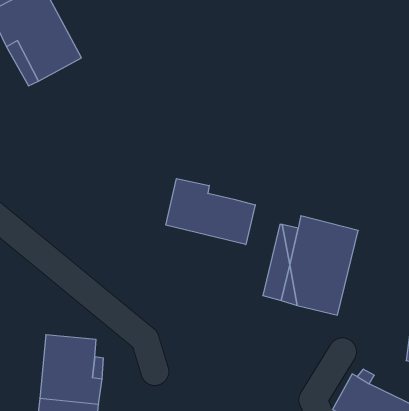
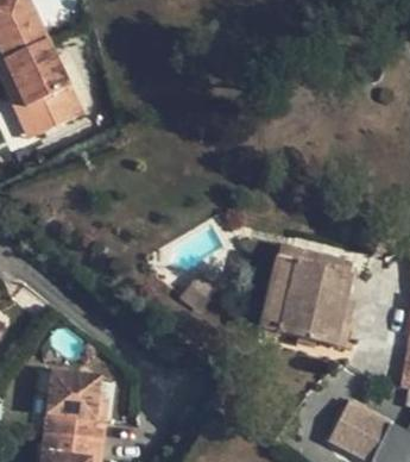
building: [166,179,255,245] -> none

